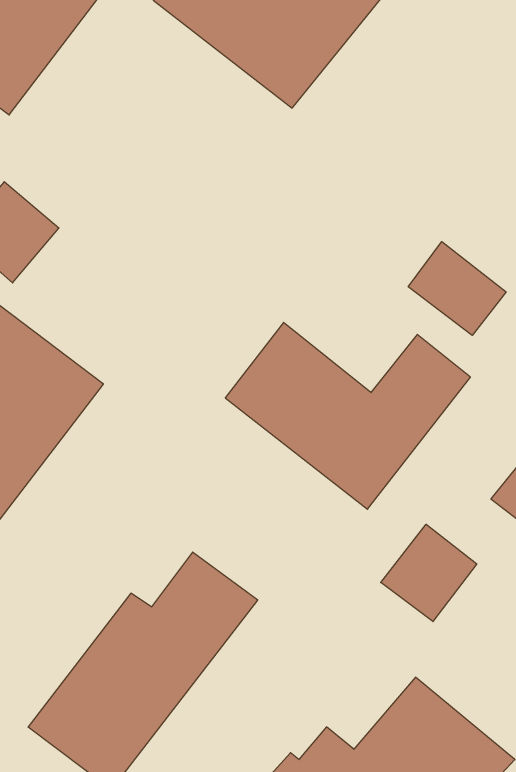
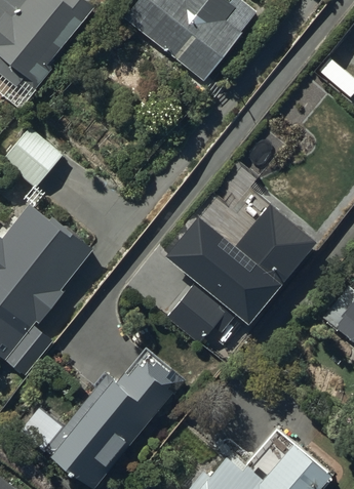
building: [408,242,506,335] -> none
building: none -> [166,287,227,348]
building: [381,524,477,622] -> none

